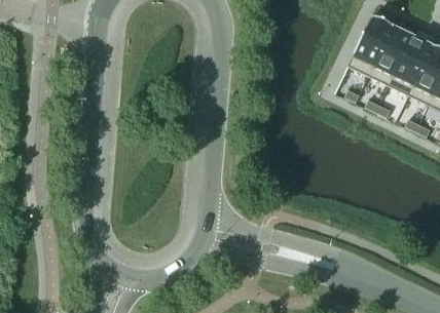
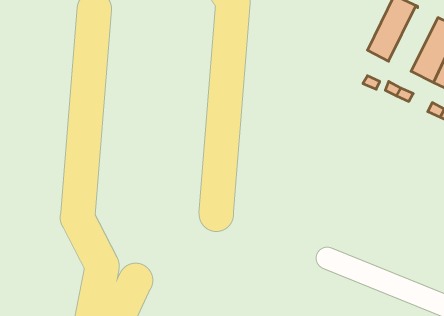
building: [366,25,411,84] -> none

